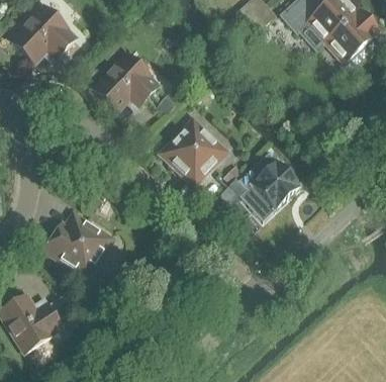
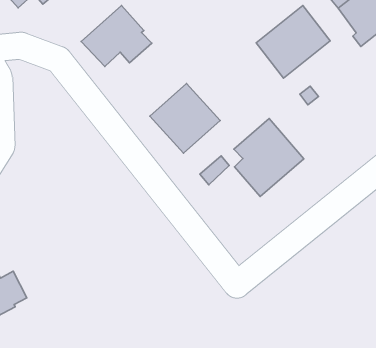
building: none -> [256,6,330,78]
building: [43,213,111,277] -> none

